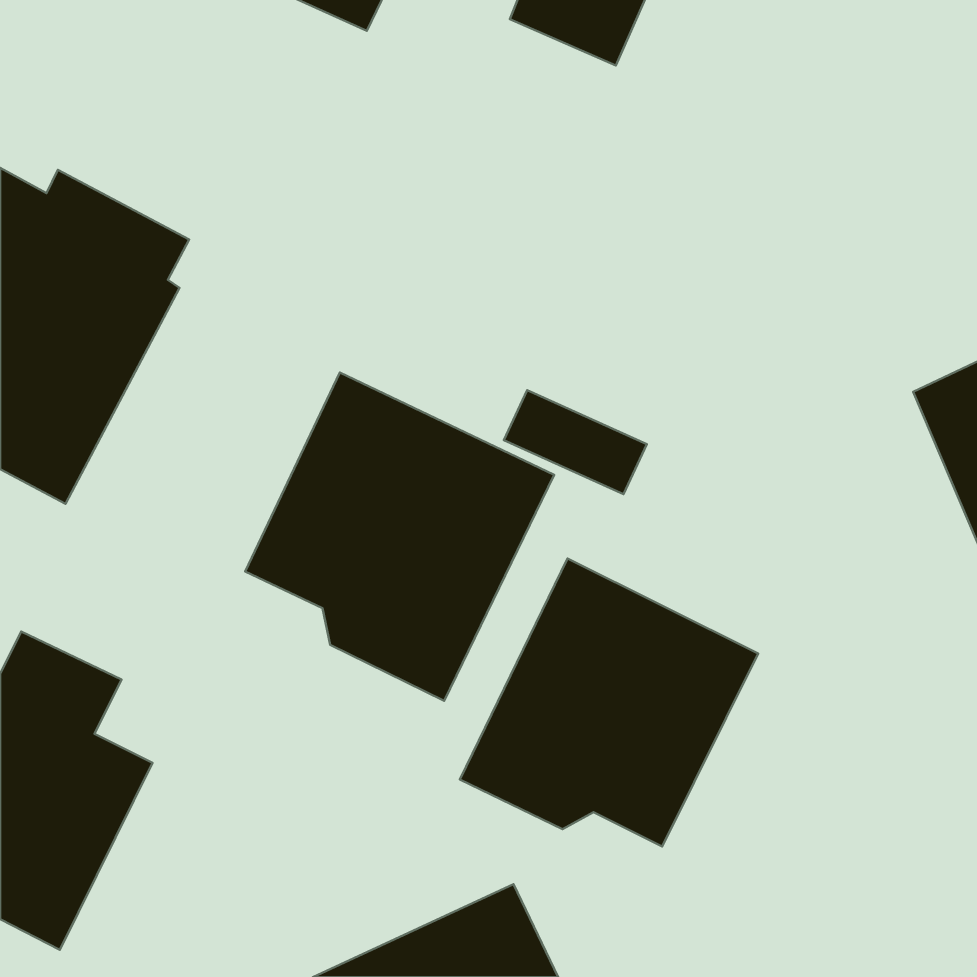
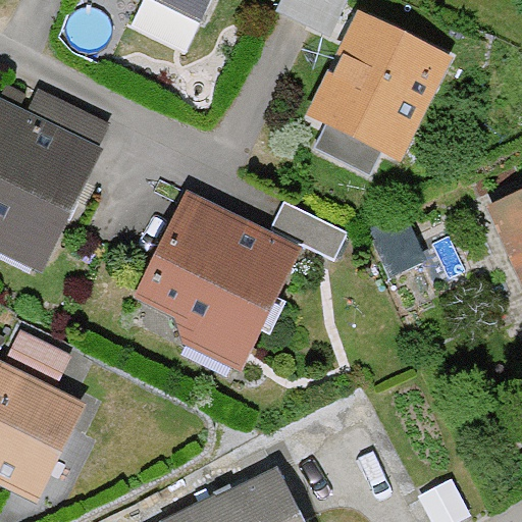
building: none -> [307,11,445,176]
building: [460,559,758,846] -> none

